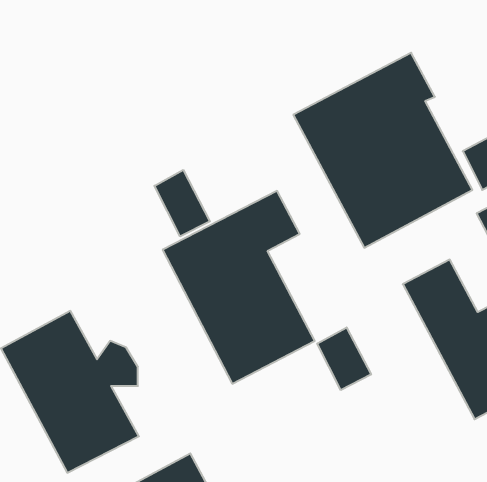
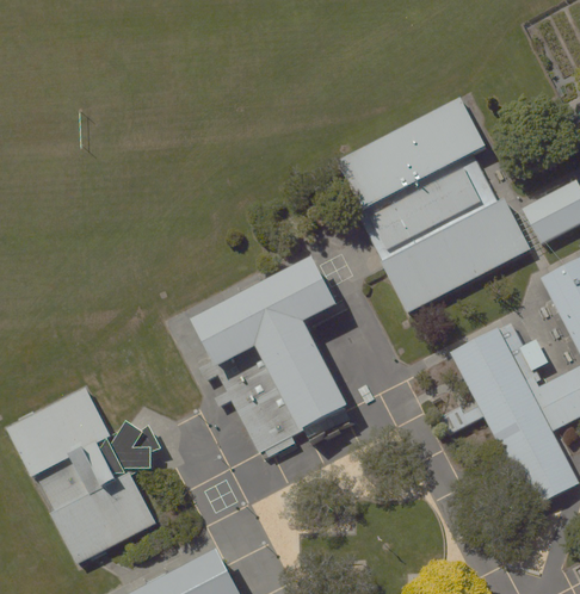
building: [154,170,210,236] -> none
building: [317,327,371,390] -> none

